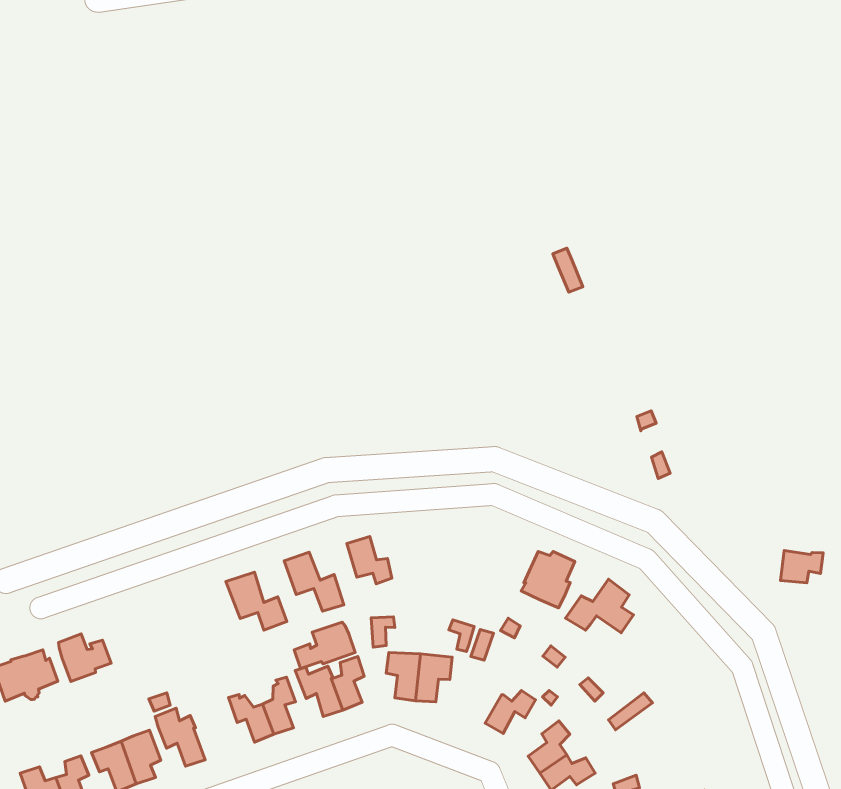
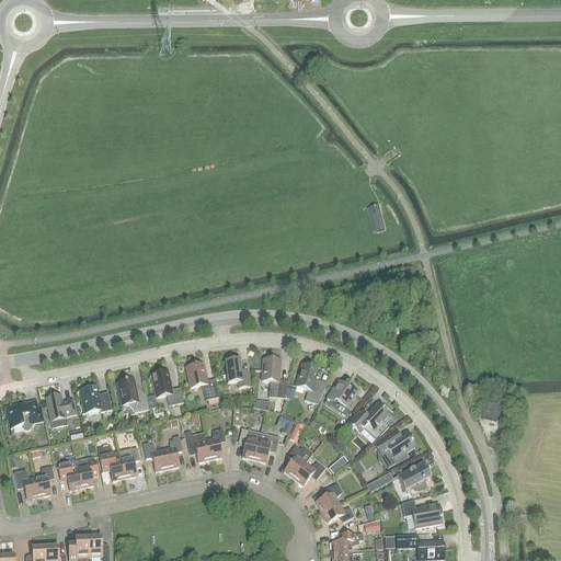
building: none -> [261,356,288,397]
building: none -> [295,362,327,402]
building: none -> [116,377,149,411]
building: none -> [77,385,112,412]
building: none -> [375,428,416,466]
building: [294,622,355,669] -> none
building: none -> [397,460,431,493]
building: none -> [284,444,312,477]
building: none -> [118,446,139,477]
building: none -> [401,499,442,526]

